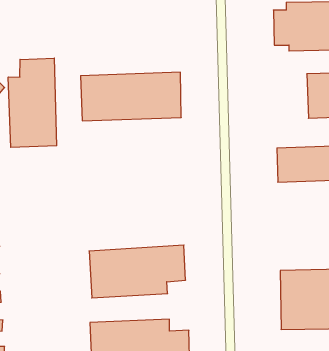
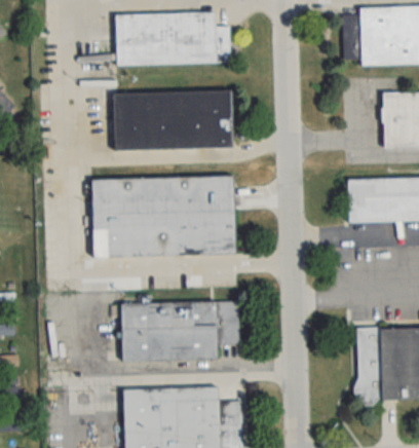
building: none -> [115,12,231,65]
building: [8,58,57,147] -> none
building: none -> [93,176,237,257]

